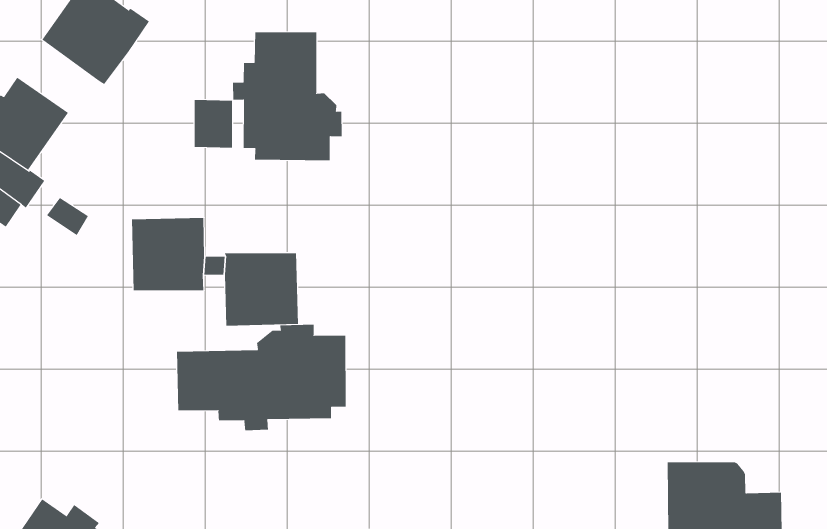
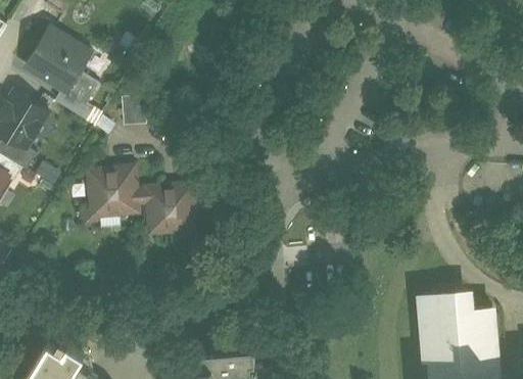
building: [232,32,342,161] -> none
building: none -> [55,74,99,121]
building: [177,324,346,431] -> none

